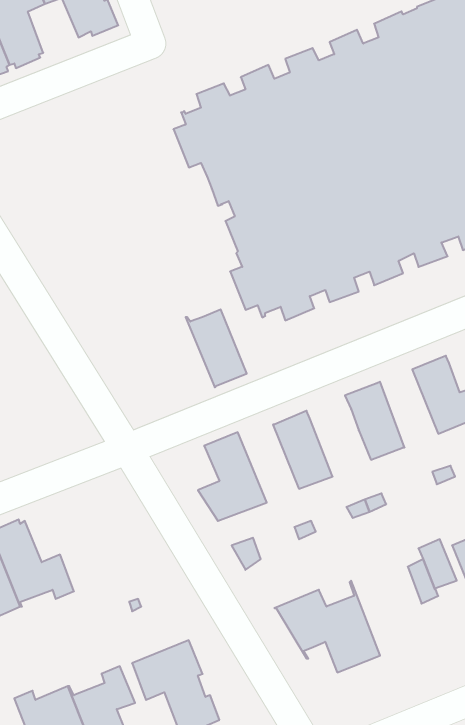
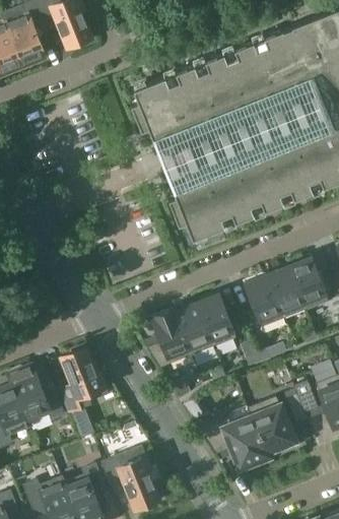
building: [186,309,247,387] -> [173,304,213,355]
building: none -> [267,267,306,319]
building: none -> [60,343,106,411]
building: none -> [248,396,299,457]

